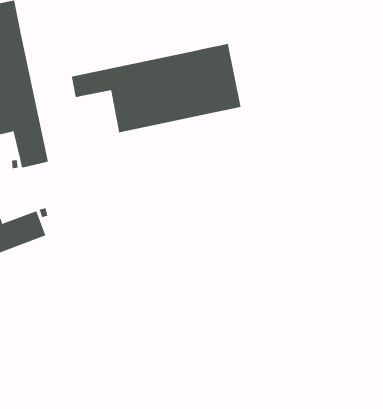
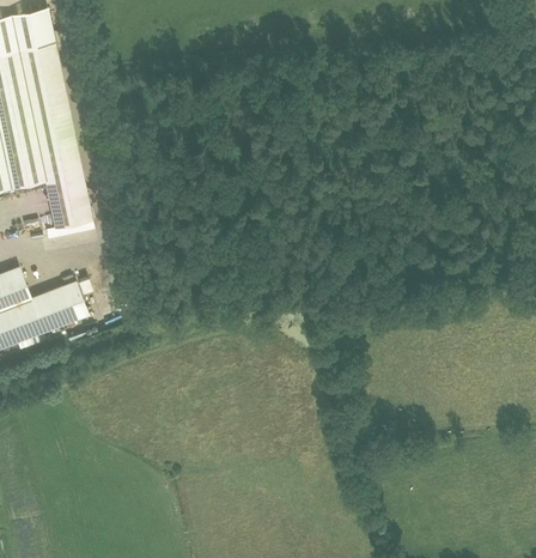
building: [71,43,241,133] -> none

